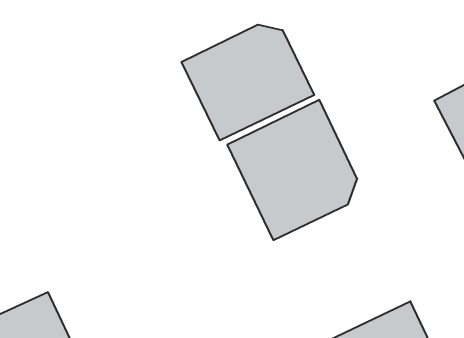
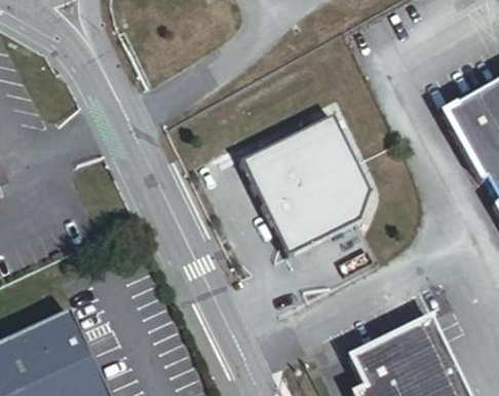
building: [182,25,314,140] -> none

